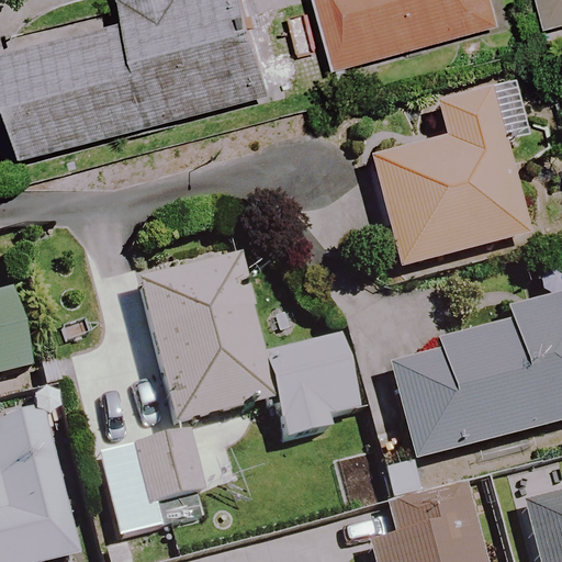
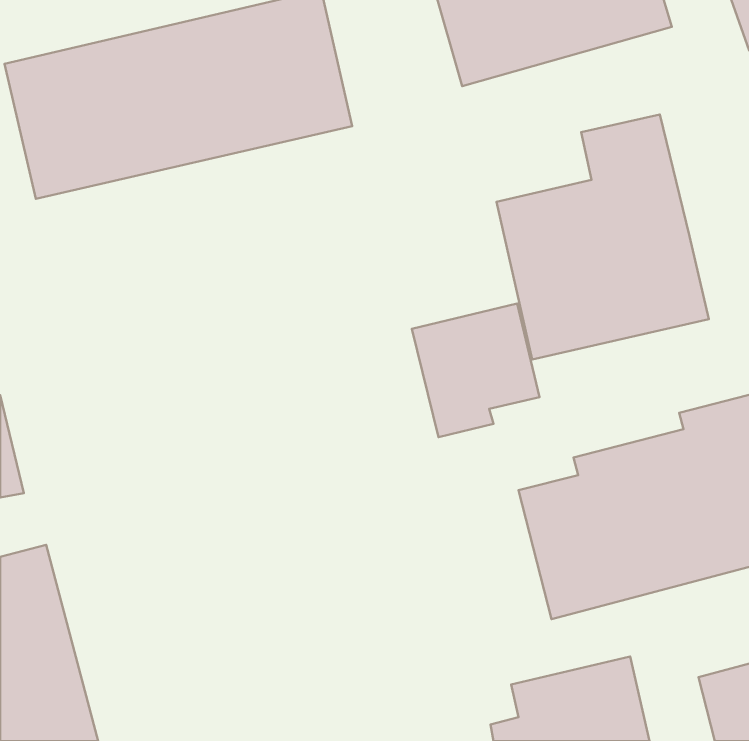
building: [136,251,268,420] -> none
building: [268,337,362,436] -> [412,303,540,437]
building: [101,428,207,532] -> none

